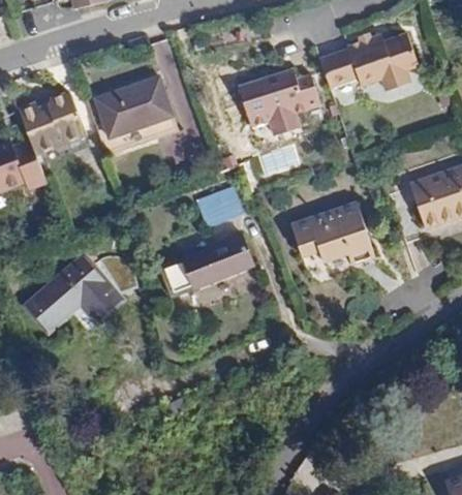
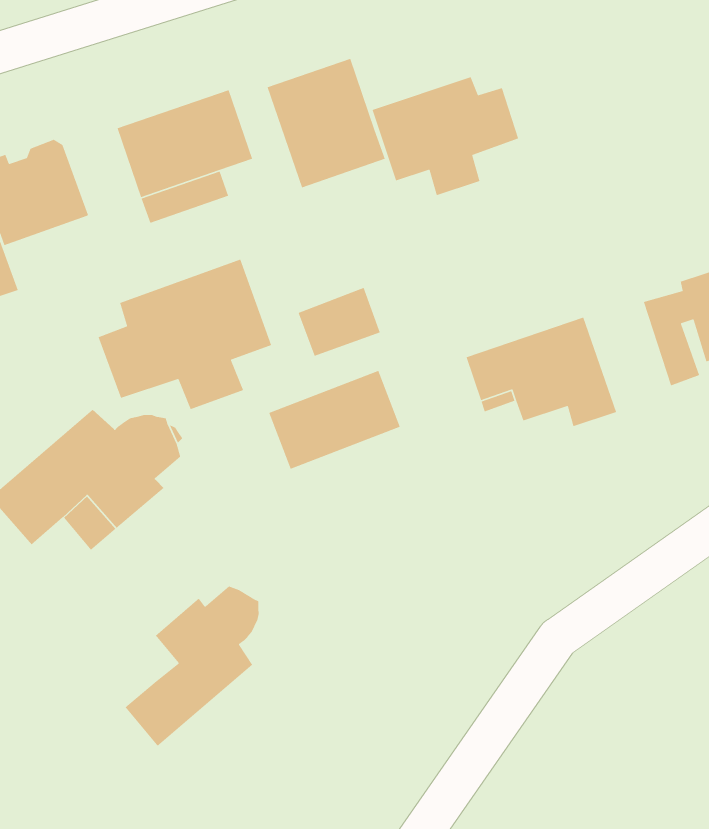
building: [319,33,417,88] -> none
building: none -> [267,58,386,188]
building: none -> [97,259,272,410]
building: none -> [124,585,260,747]

